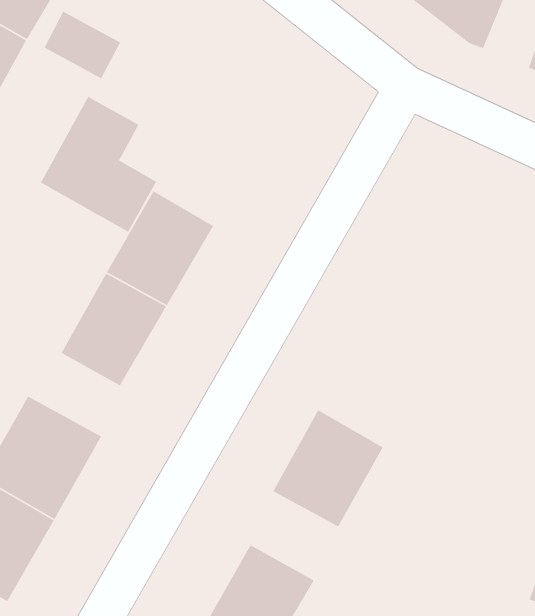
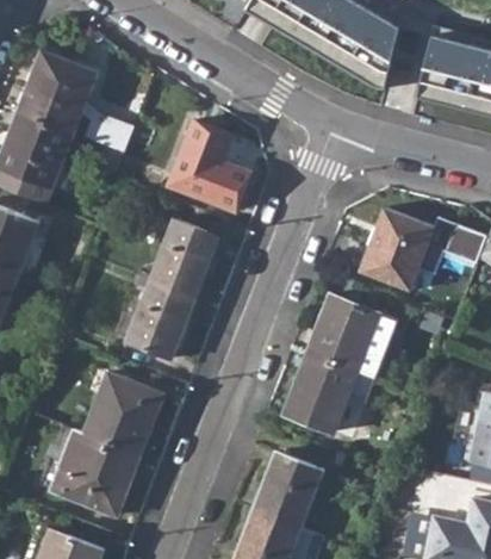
building: [40,96,157,233] -> [169,122,249,211]
building: none -> [361,210,434,288]
building: none -> [307,296,397,379]

